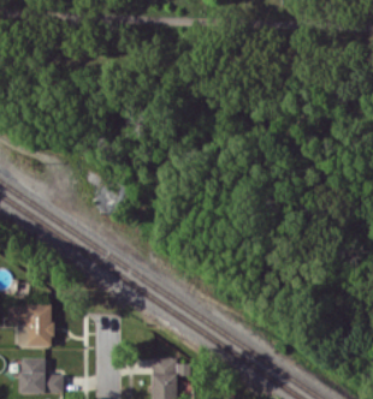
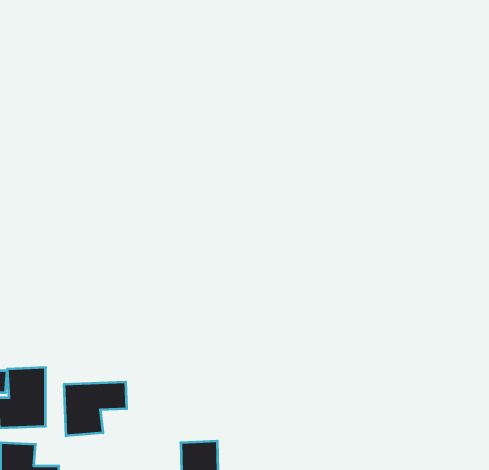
building: none -> [64,382,127,436]

